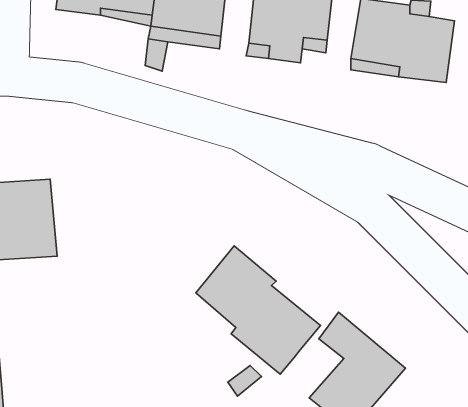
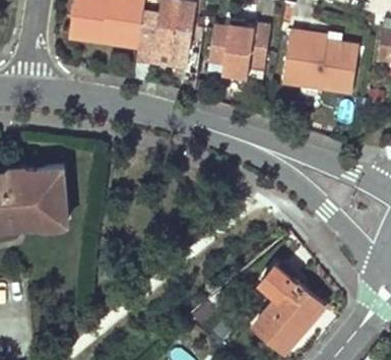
building: [196,246,320,374] -> none

